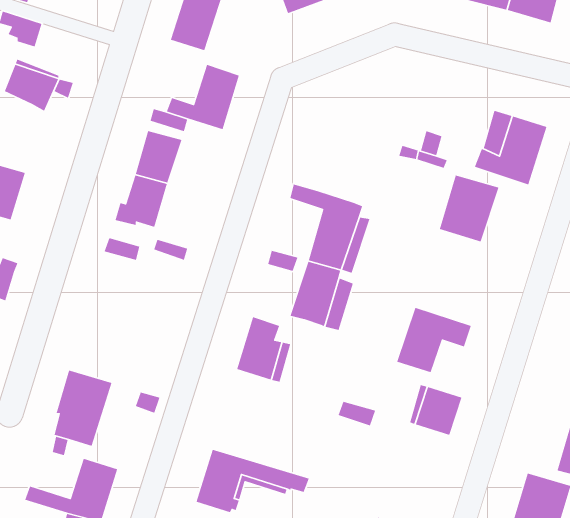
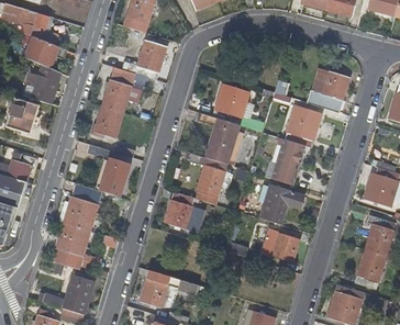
building: none -> [31,64,60,103]
building: none -> [213,83,264,131]
building: none -> [270,143,302,184]
building: none -> [101,157,131,190]
building: none -> [57,182,102,229]

